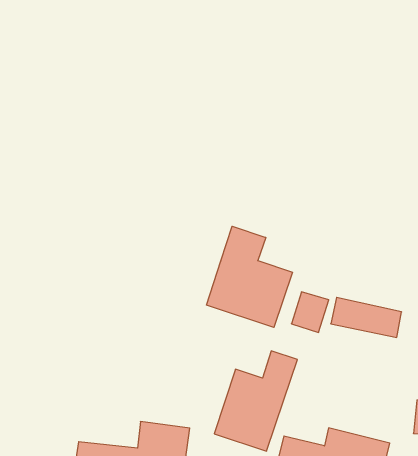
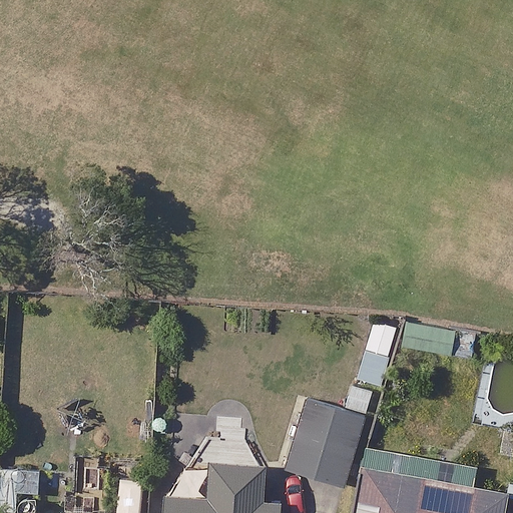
building: [207,226,292,327] -> none

